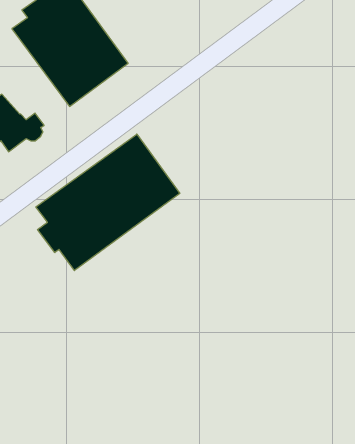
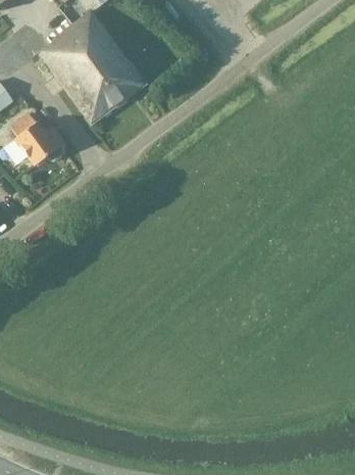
building: [36,134,180,271] -> none

